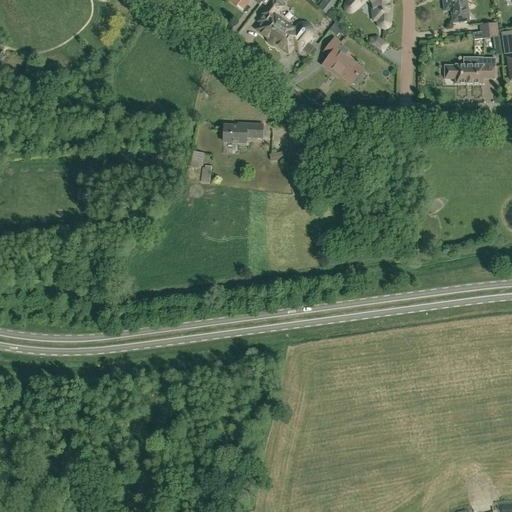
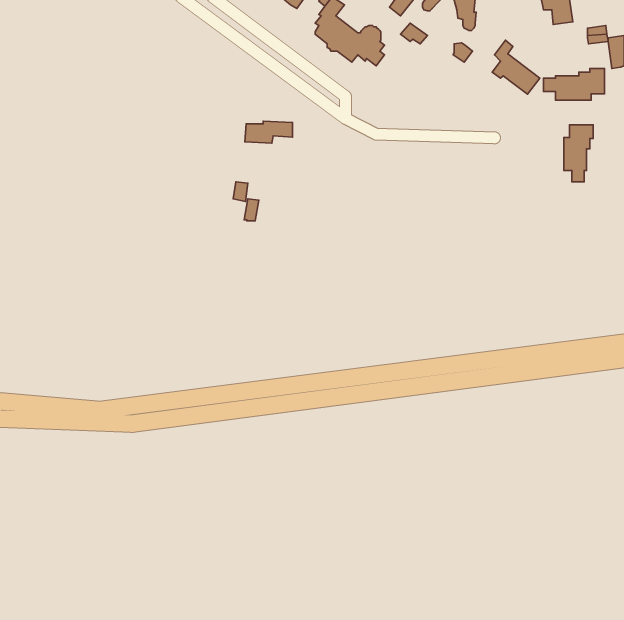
building: [323,37,362,81] -> [492,40,540,94]
building: none -> [564,125,593,182]
building: [223,122,262,140] -> [245,121,293,143]

